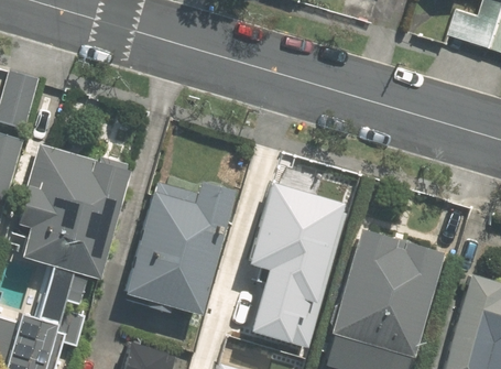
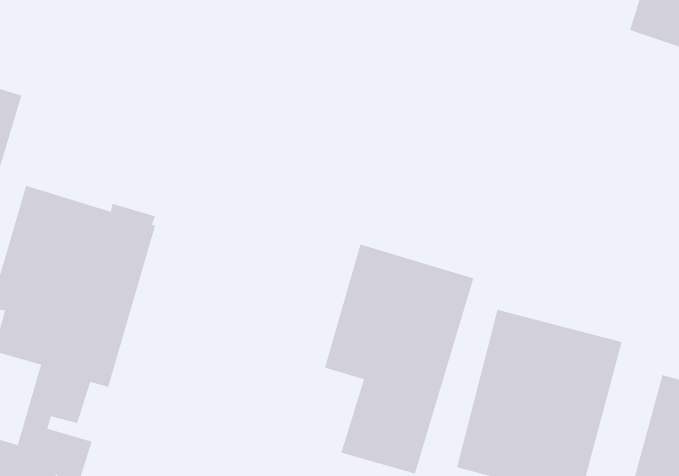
building: [126,180,232,315] -> none

